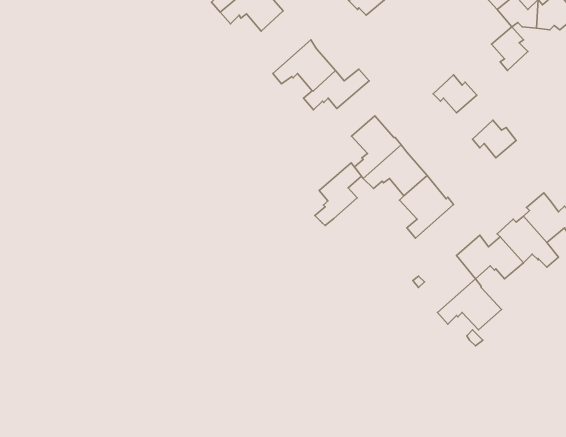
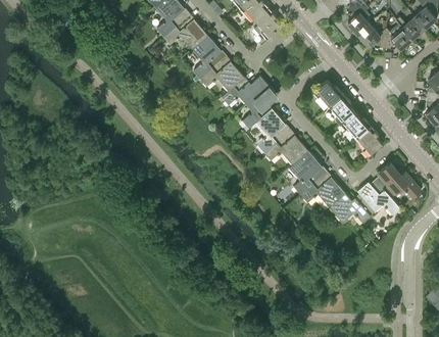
building: none -> [192,36,227,80]
building: [491,27,528,71] -> [329,95,354,126]
building: none -> [356,127,383,157]
building: [315,163,361,226] -> [242,85,275,129]
building: [438,279,502,330] -> [300,172,345,207]

